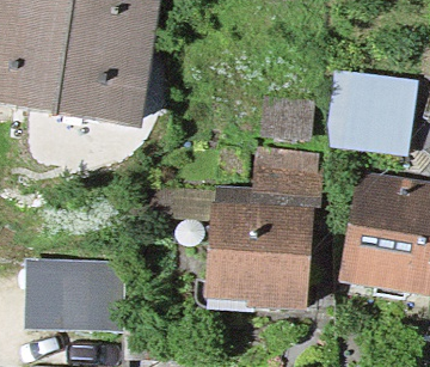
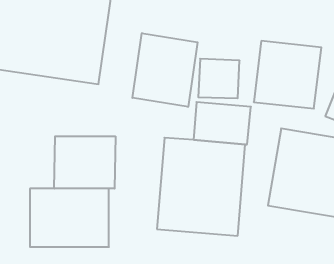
building: none -> [132,33,198,107]
building: none -> [54,136,115,189]

